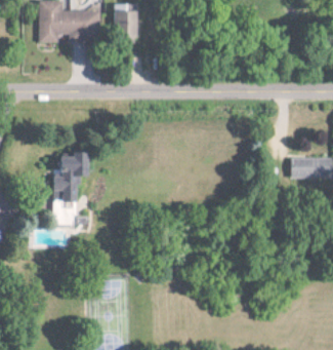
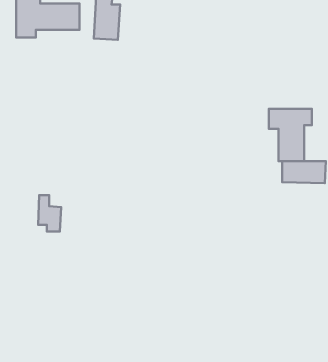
building: none -> [269,109,312,161]
building: [58,150,89,200] -> none

